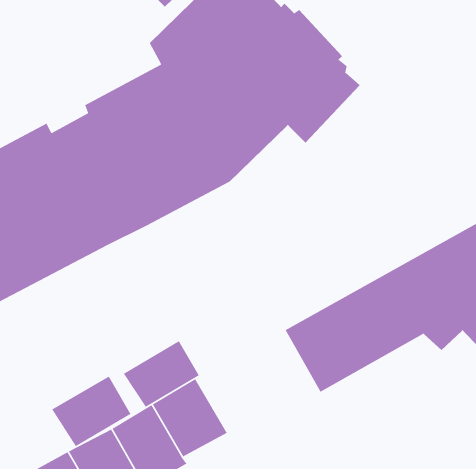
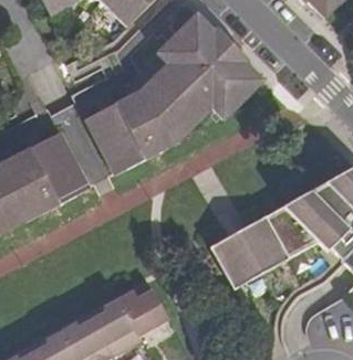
building: [123,340,200,408] -> none
building: [51,375,131,447] -> none

